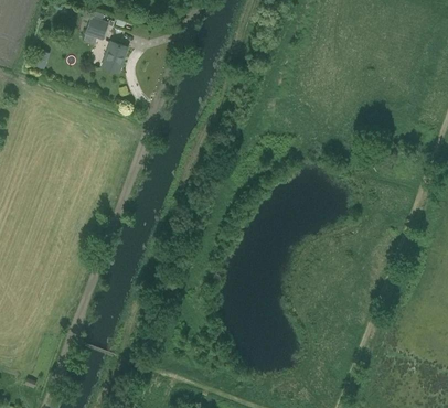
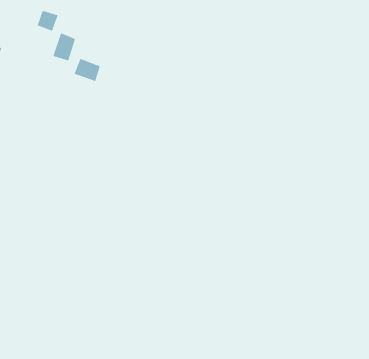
building: none -> [74,58,100,82]

